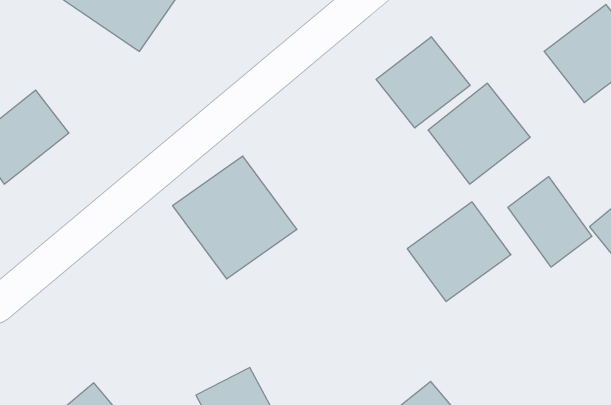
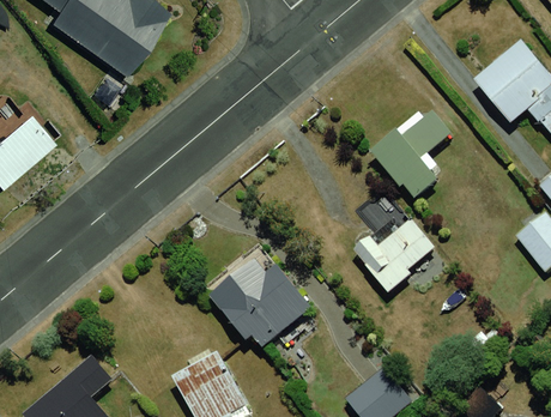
building: [376,37,470,128] -> none
building: [173,156,297,279] -> [206,246,314,352]
building: [508,177,592,267] -> none

